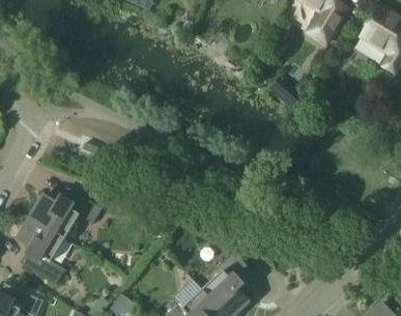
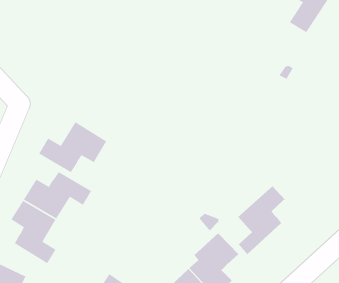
building: none -> [38,121,107,173]
building: none -> [237,185,286,255]

